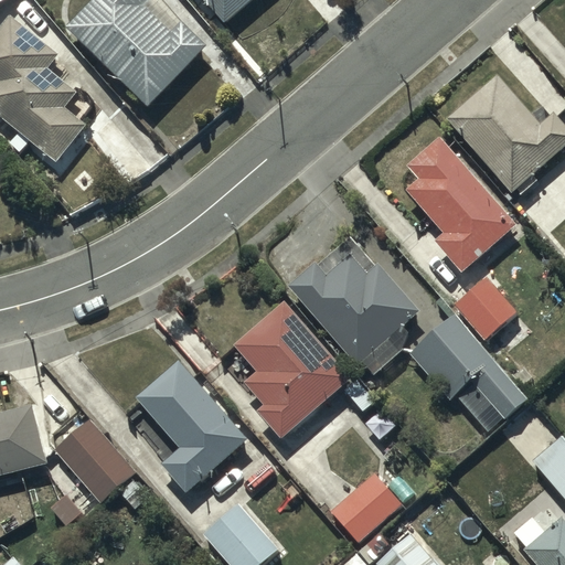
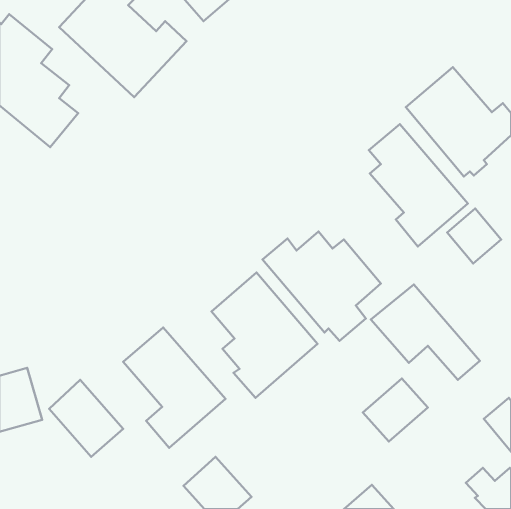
building: [456,278,515,339] -> [447,209,501,264]
building: [330,473,402,543] -> [363,378,428,442]

